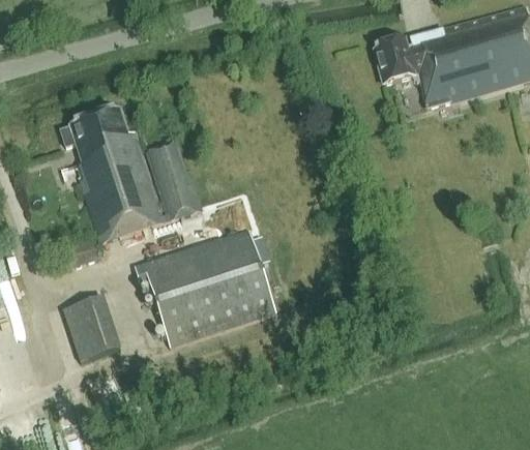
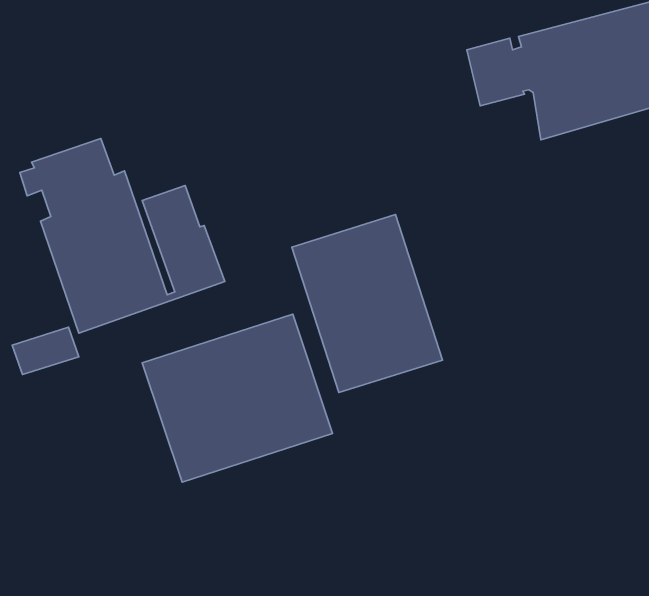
building: none -> [292,215,443,393]
building: [63,292,122,360] -> none

